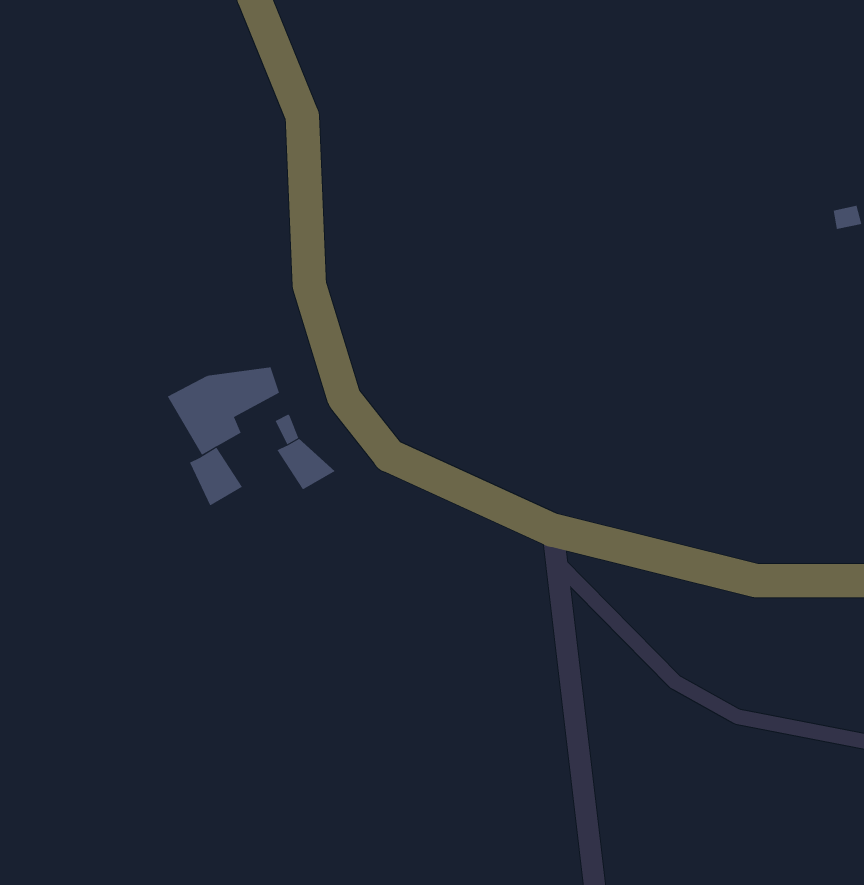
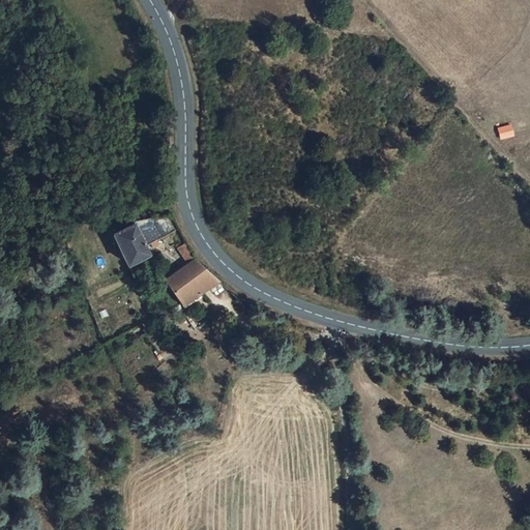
building: [189,447,243,506] -> [163,268,195,303]

